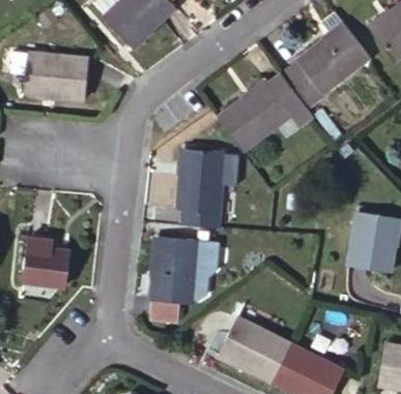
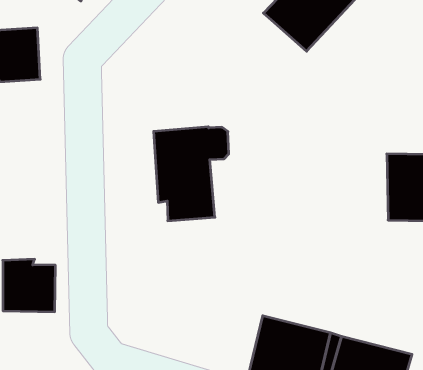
building: [211,86,311,166] -> none
building: [149,246,209,315] -> none

